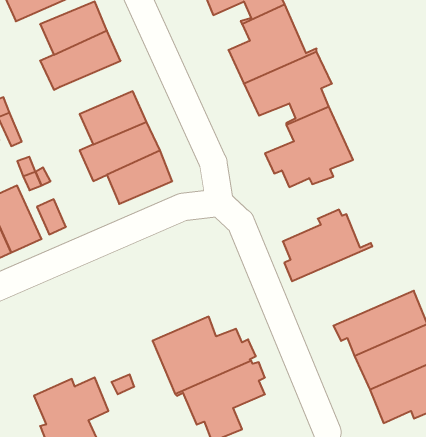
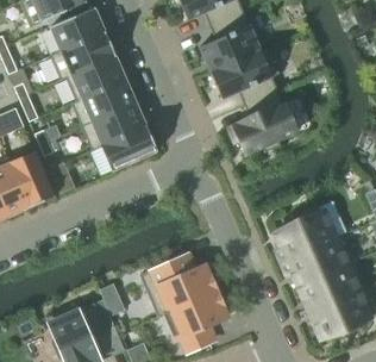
building: none -> [68,55,125,99]
building: [283,210,372,281] -> [275,206,345,262]

